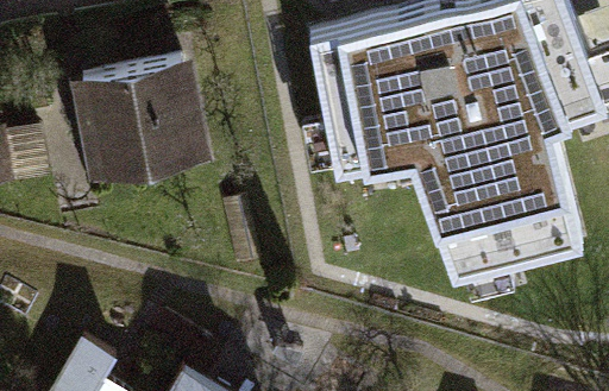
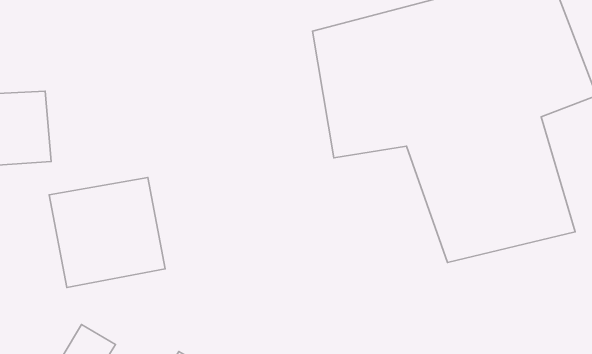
building: [73,63,190,175] -> [49,177,165,288]

